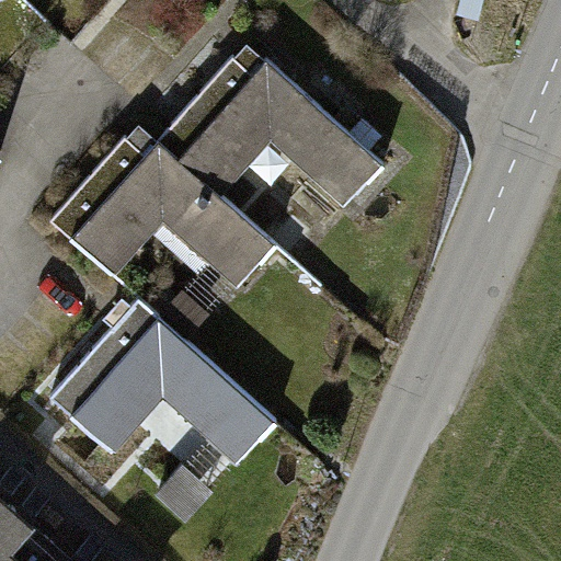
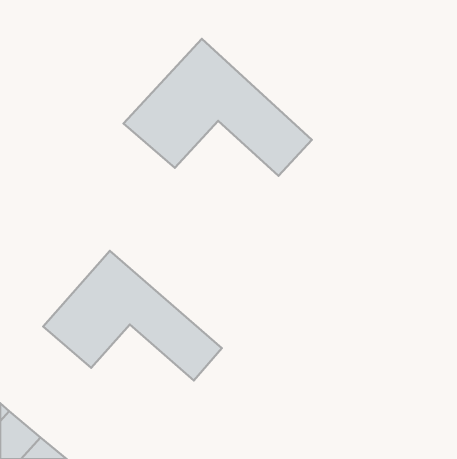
building: [53,131,270,294] -> none

